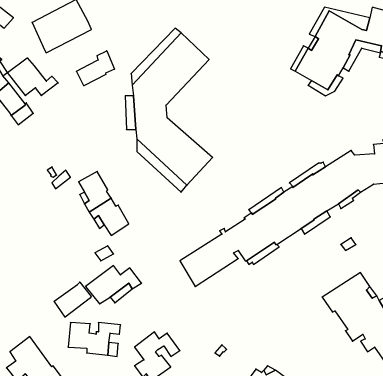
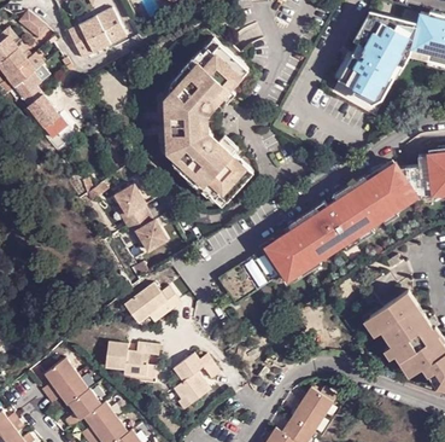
building: [76,51,114,86] -> none
building: [8,58,58,96] -> none
building: [54,282,91,317] -> none

